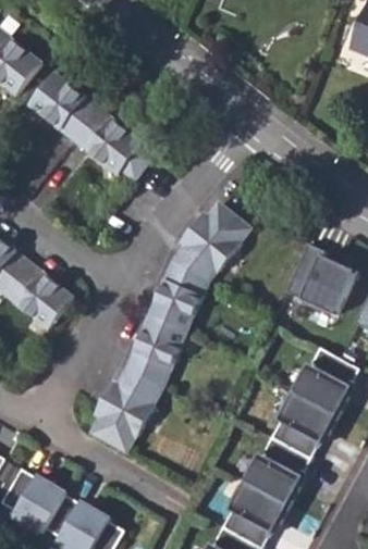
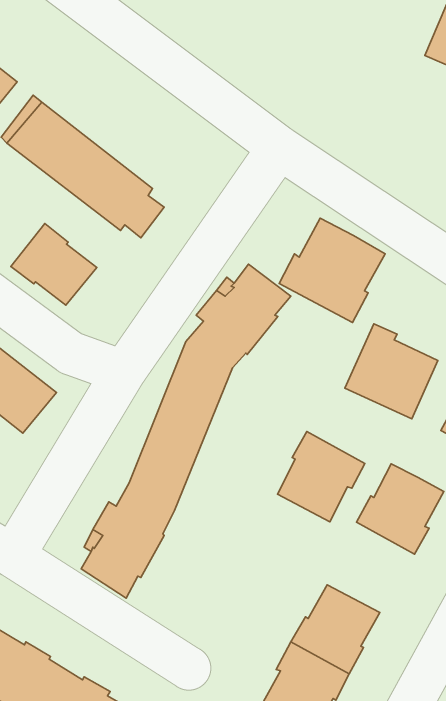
building: none -> [279,218,385,322]
building: none -> [11,224,97,305]
building: [274,392,340,460] -> [278,431,365,522]

